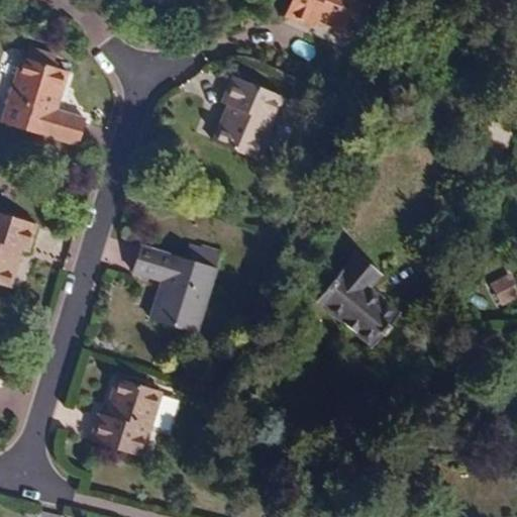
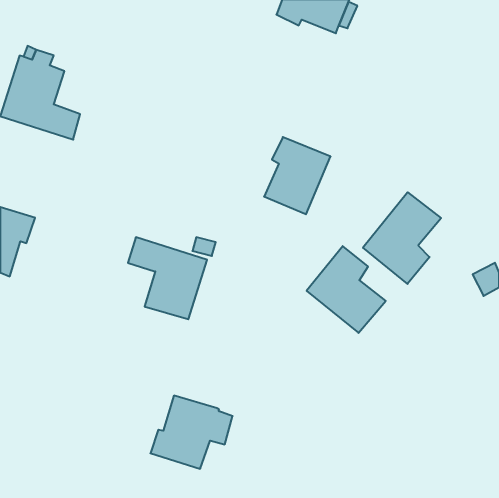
building: [212,77,281,157] -> [264,137,331,214]
building: none -> [363,192,441,284]
building: [90,379,175,454] -> [150,396,233,469]

